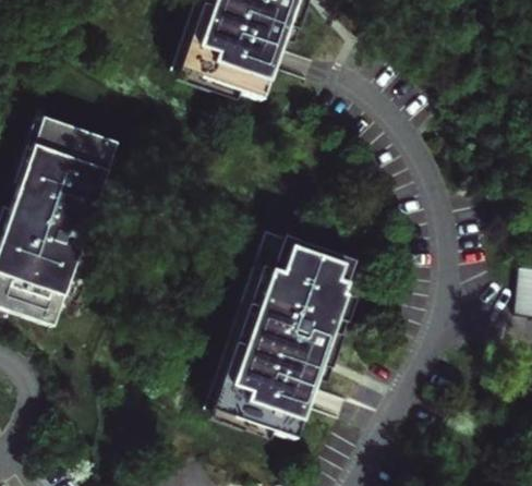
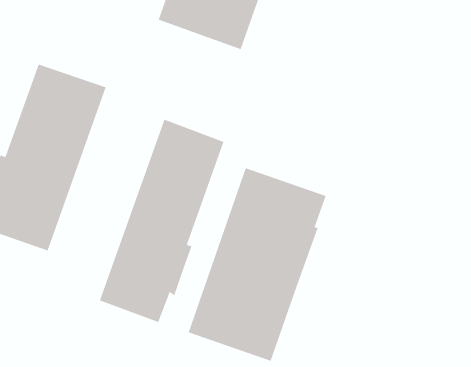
building: none -> [99,119,224,323]

